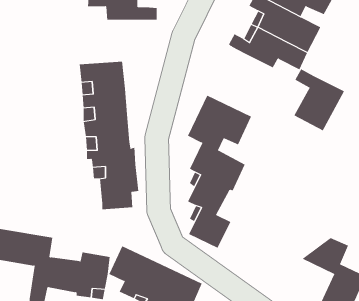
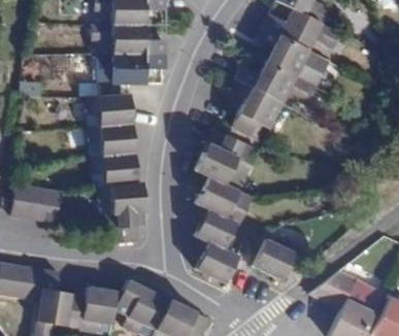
building: none -> [98,53,164,83]
building: [294,69,345,131] -> [231,79,282,142]
building: none -> [10,183,61,222]
building: none -> [252,237,308,279]

